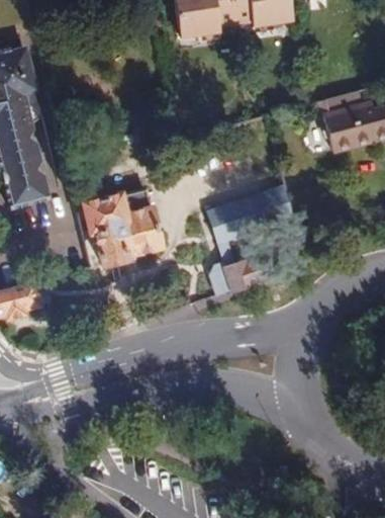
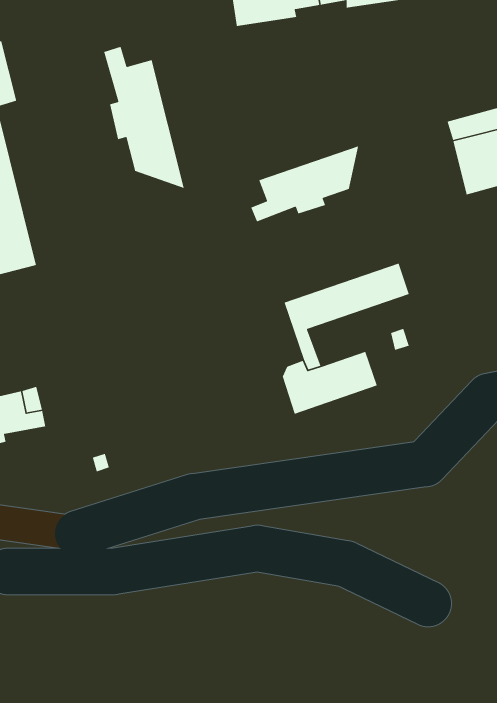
building: none -> [103,46,185,189]
building: none -> [250,145,359,223]
building: [83,189,162,267] -> none

